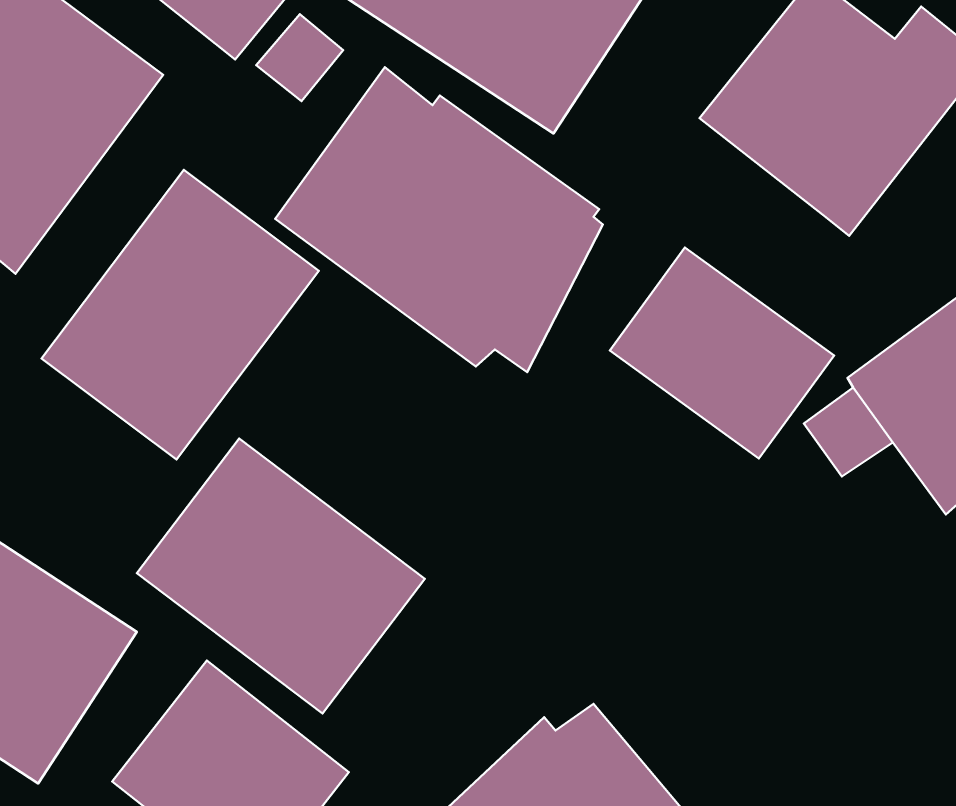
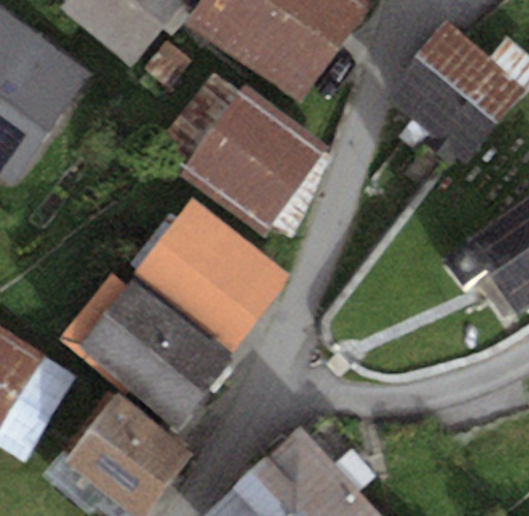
building: [42,170,319,459] -> none
building: [610,248,834,459] -> none
building: none -> [132,200,288,350]

